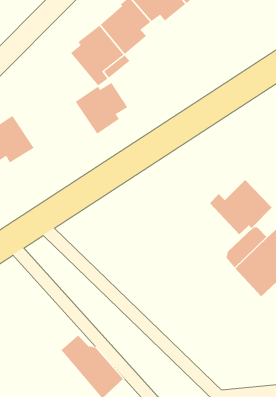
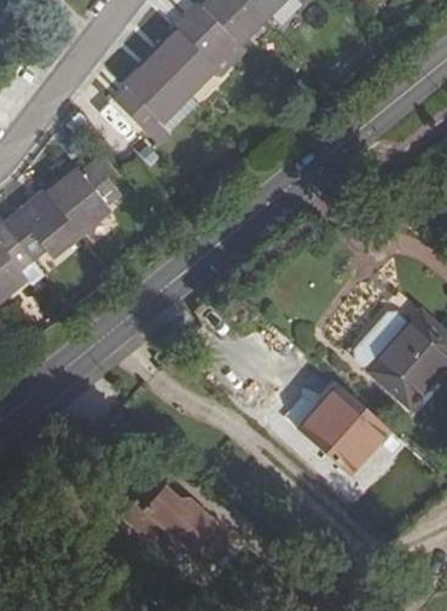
building: [75,82,128,135] -> [46,162,118,235]
building: [209,179,272,235] -> none
building: none -> [296,385,385,474]

